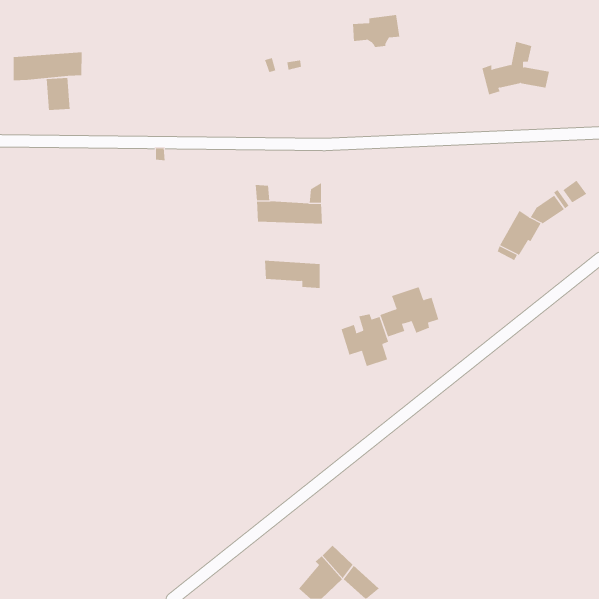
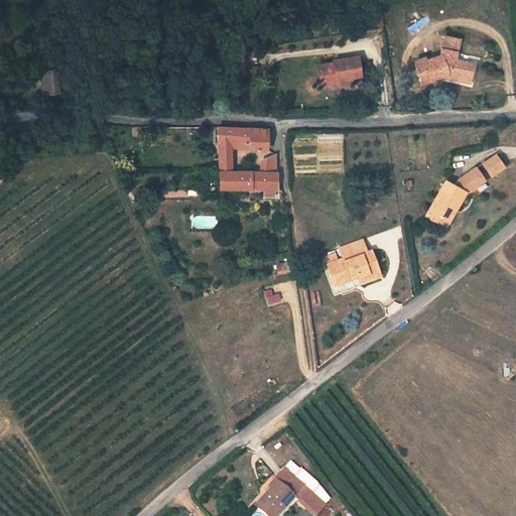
building: [352,14,400,47] -> [319,56,361,85]
building: [13,51,82,81] -> none
building: [264,260,320,288] -> [218,128,266,152]
building: [341,314,389,367] -> none

